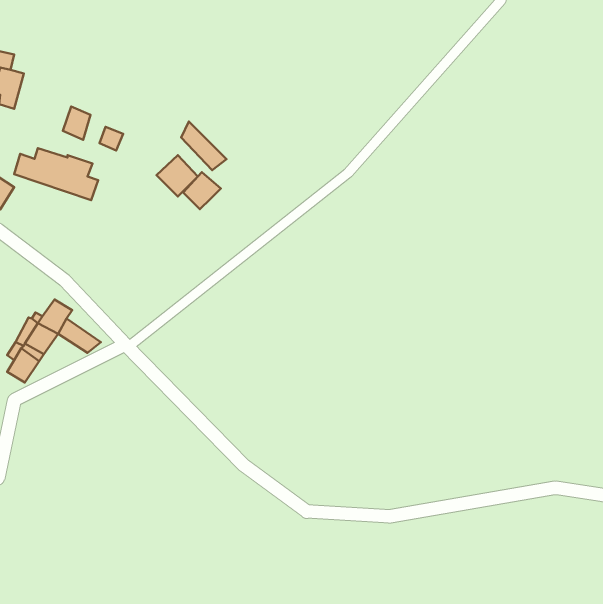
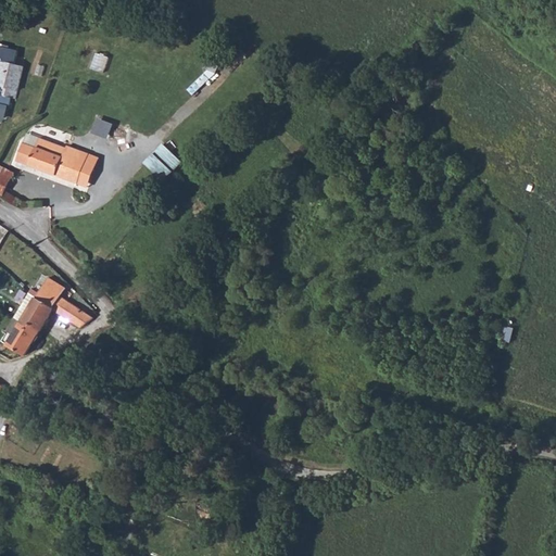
building: [63,107,91,140] -> none
building: [181,122,227,170] -> none
building: [183,172,221,209] -> none

